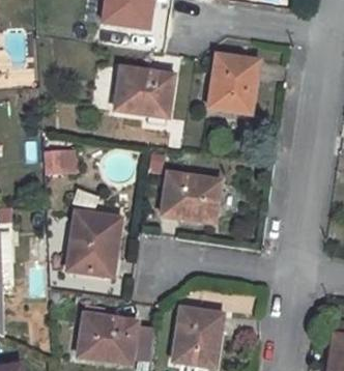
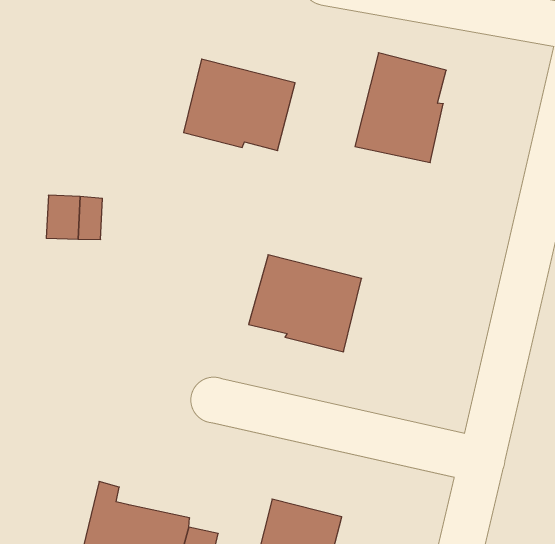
building: [67,211,120,276] -> none

